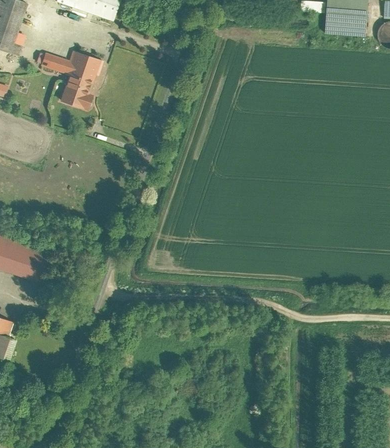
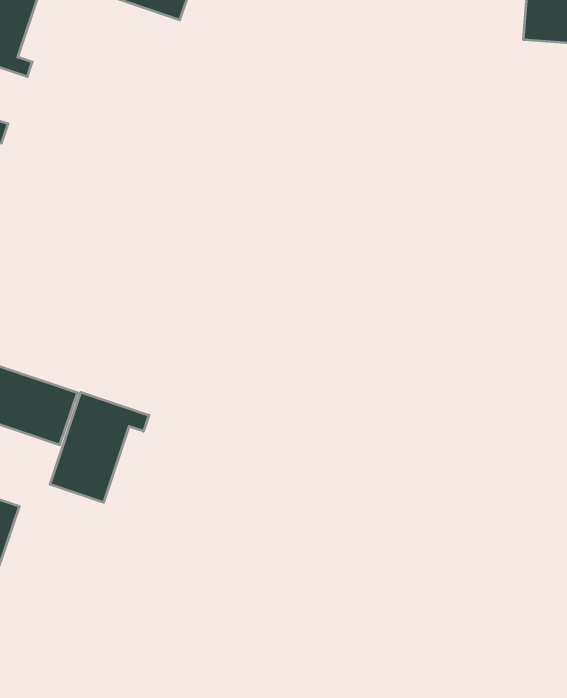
building: [35,51,101,110] -> none
building: none -> [50,392,149,502]

